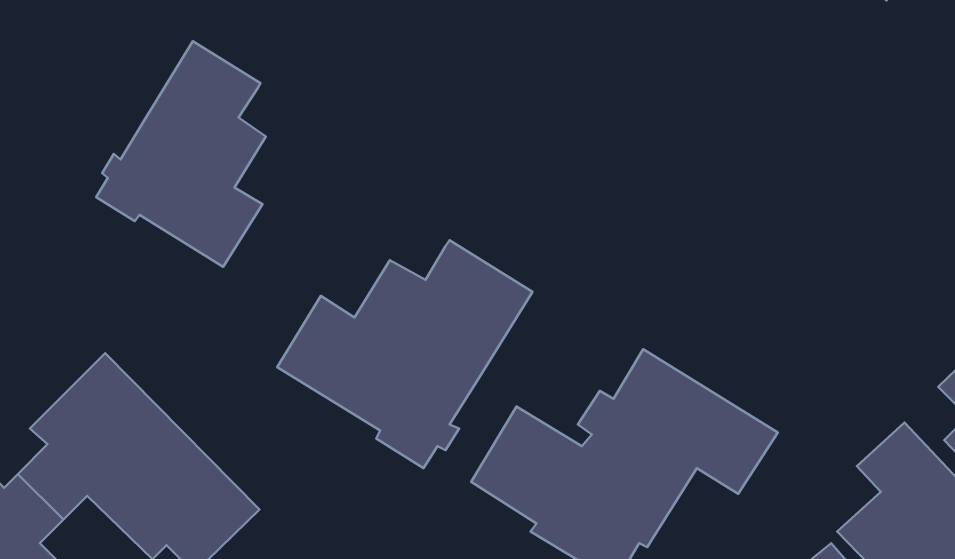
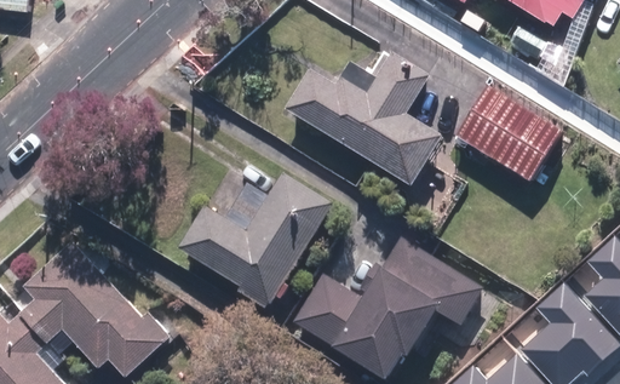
building: [96,41,266,267] -> none
building: none -> [286,51,436,184]
building: none -> [459,84,570,183]

